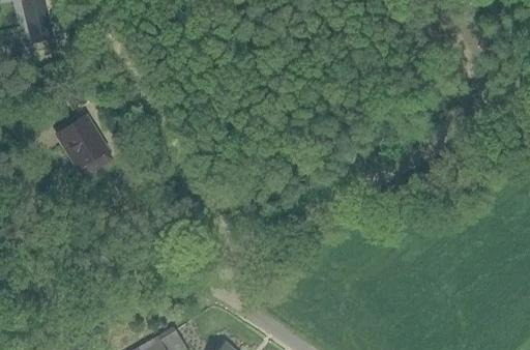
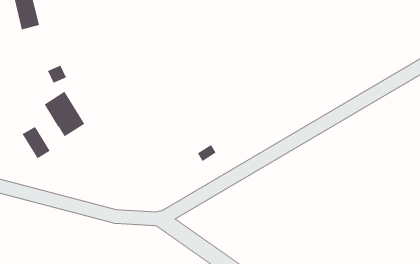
building: none -> [22,126,50,159]

